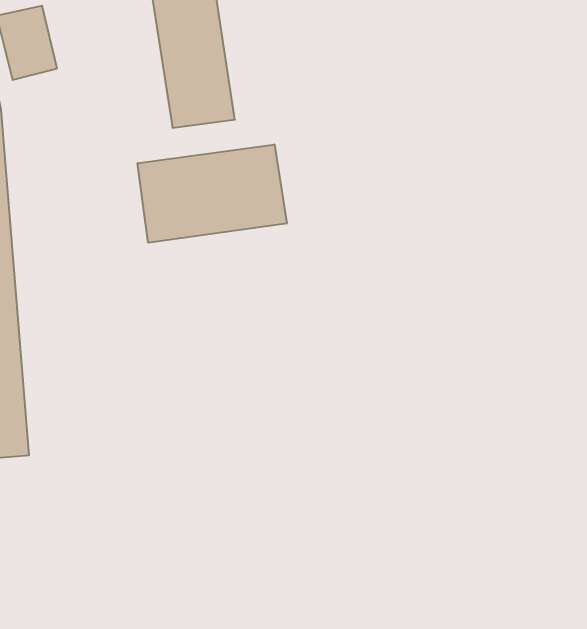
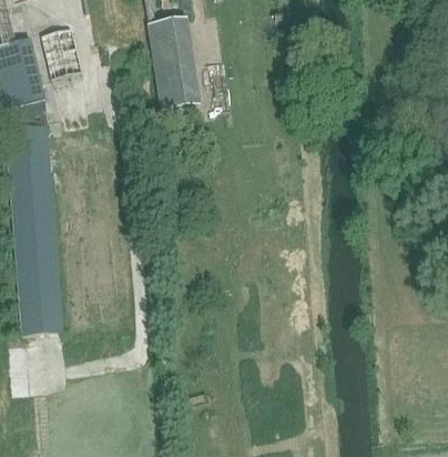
building: [138,144,287,243] -> none

